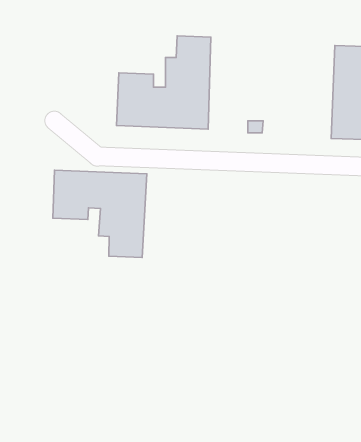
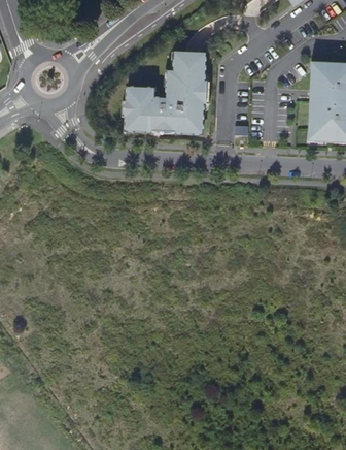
building: [53,170,147,258] -> none

